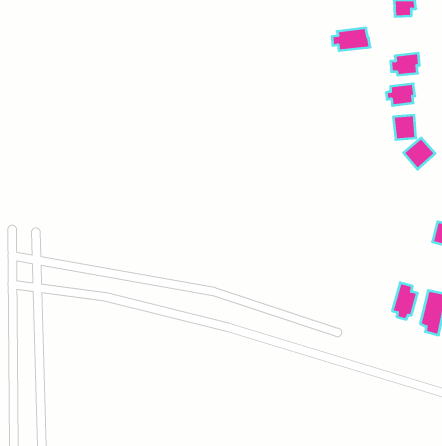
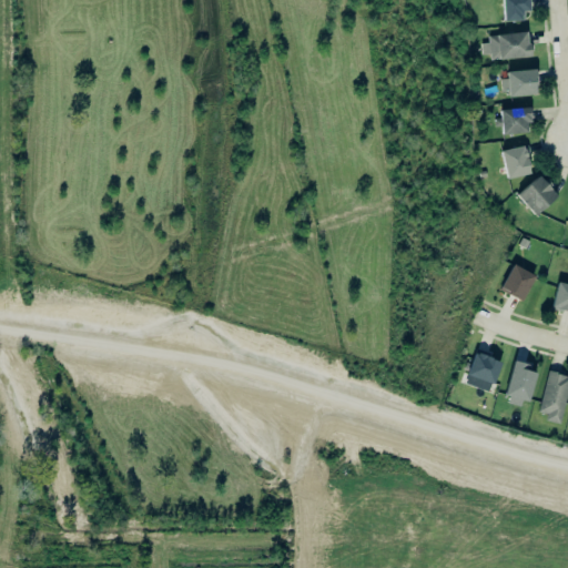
building: [332,28,370,51] -> [484,31,532,60]
building: none -> [503,264,538,301]
building: none -> [466,352,501,390]

